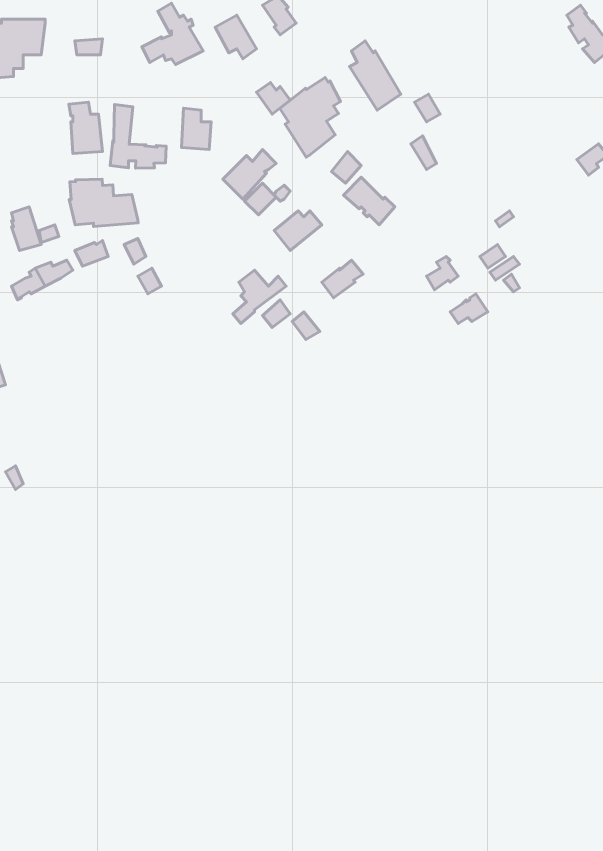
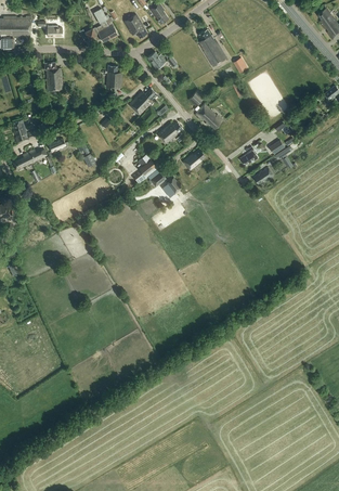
building: [280,78,340,157] -> none
building: [110,104,166,168] -> none
building: [69,179,138,226] -> none

